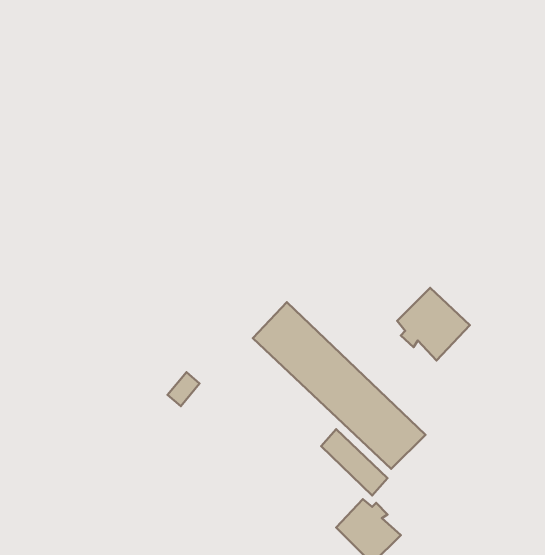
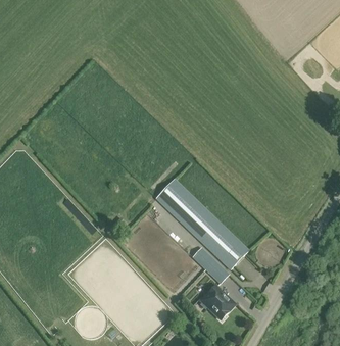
building: [397,288,470,360] -> none

